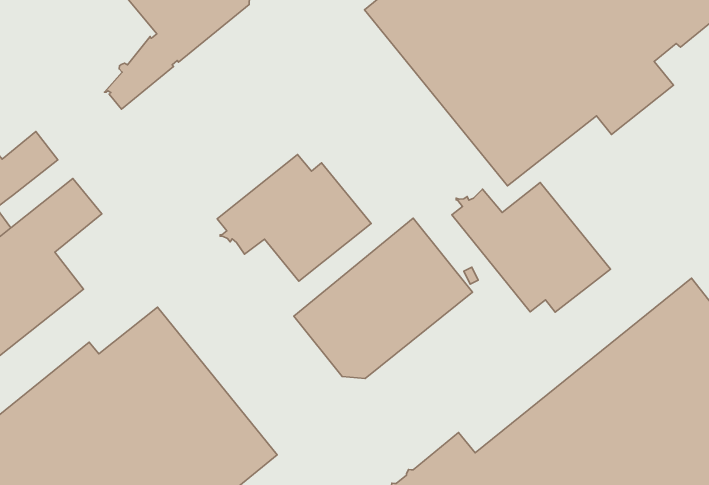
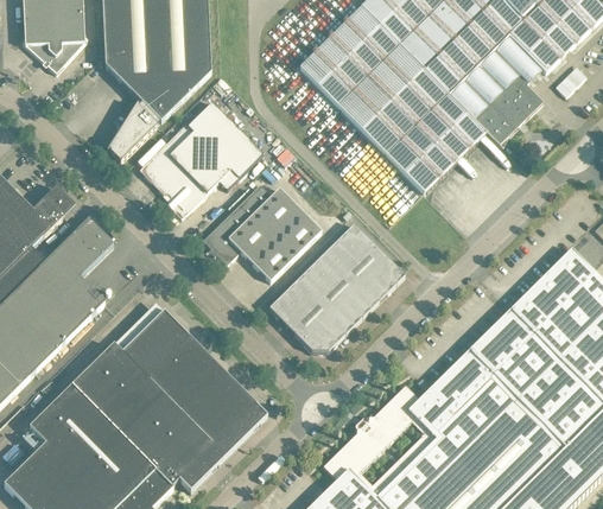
building: none -> [140,100,264,216]
building: [452,182,610,312] -> none

